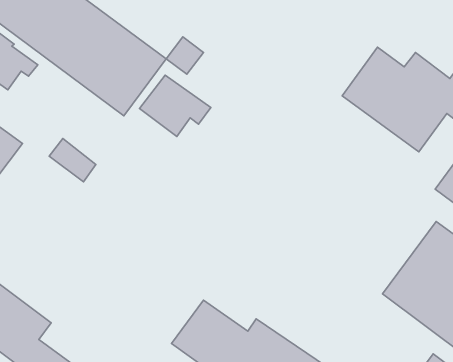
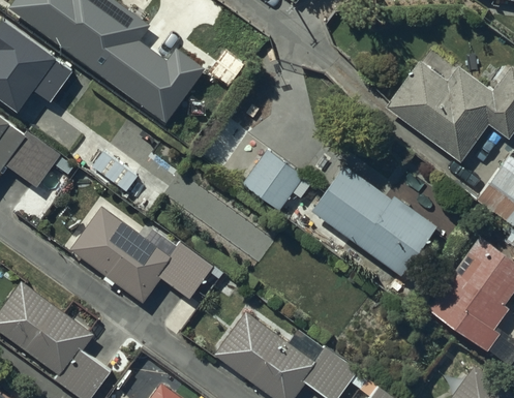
building: [139,75,211,136] -> [241,151,312,212]
building: none -> [310,164,436,276]
building: none -> [70,207,213,304]

